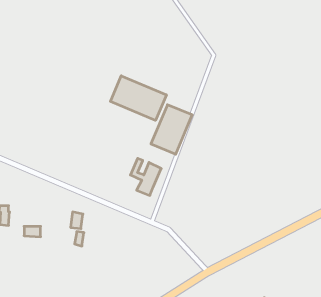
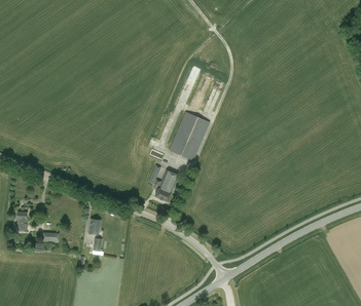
building: [110,76,166,120] -> none

